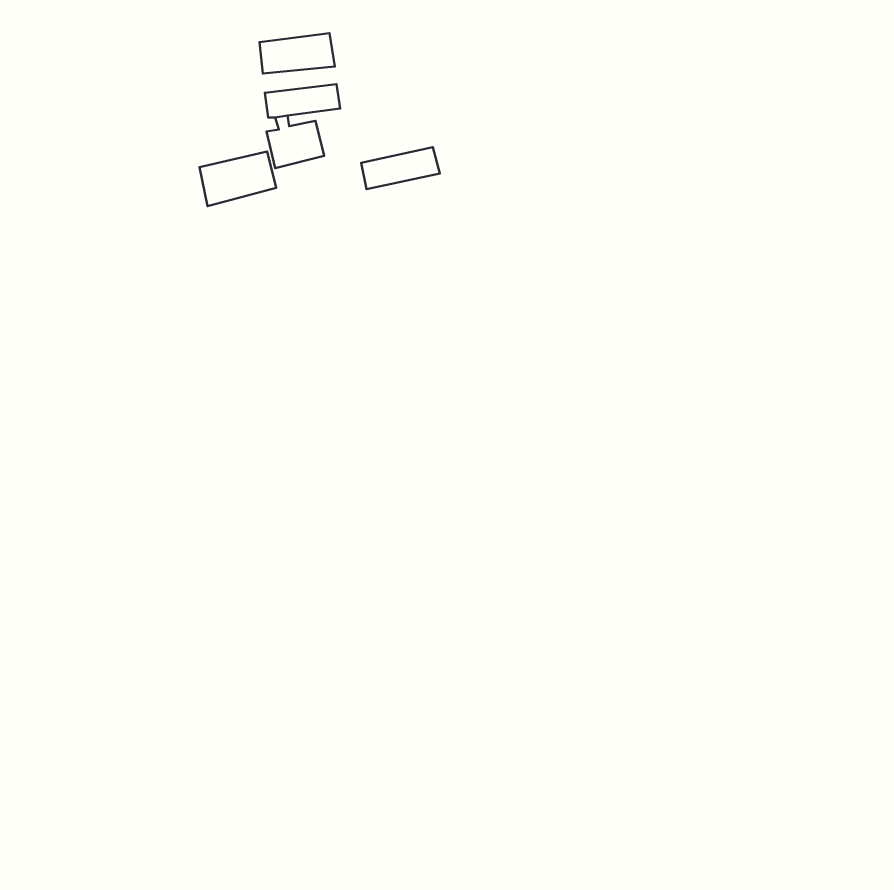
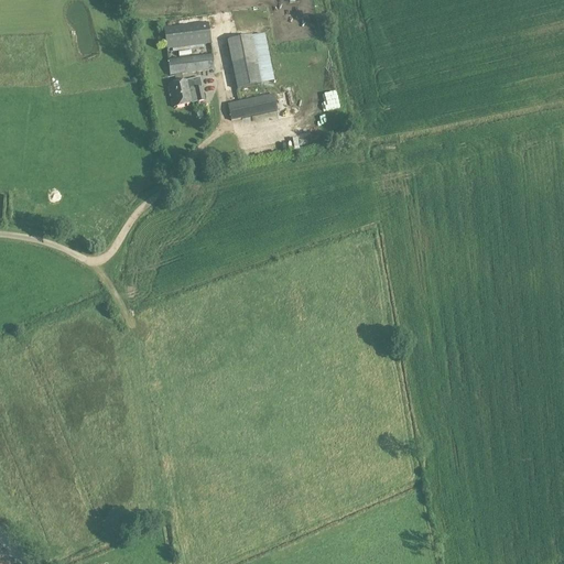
building: none -> [226,32,272,87]
building: [199,151,276,206] -> none

